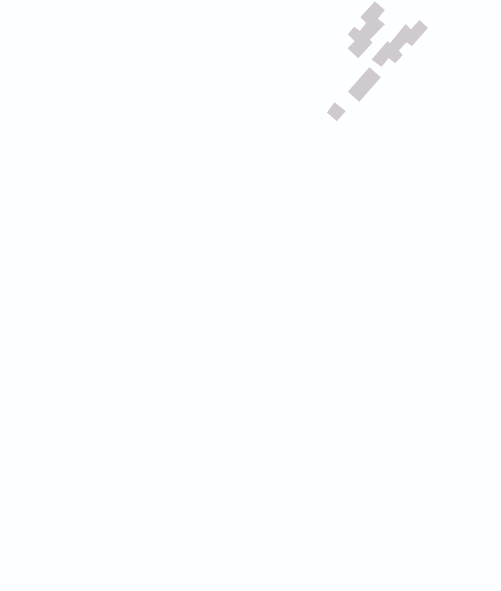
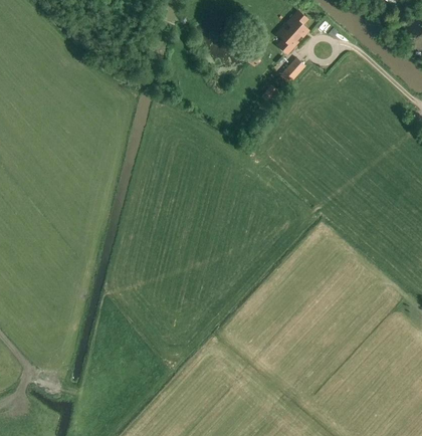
building: [371,19,429,68] -> none

